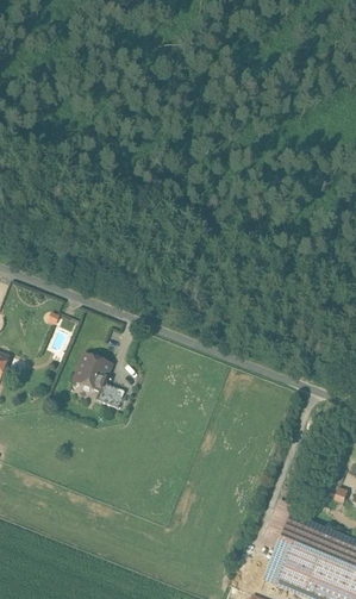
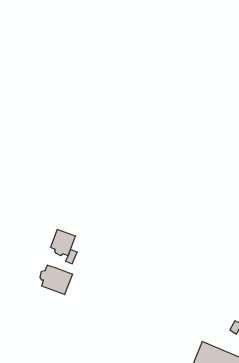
building: none -> [40,265,73,295]

